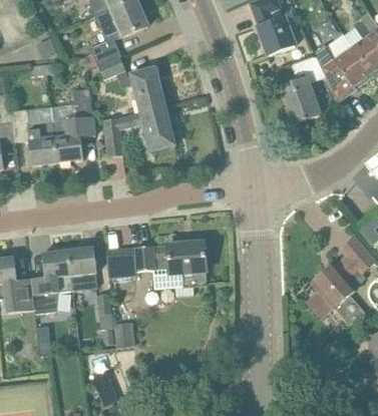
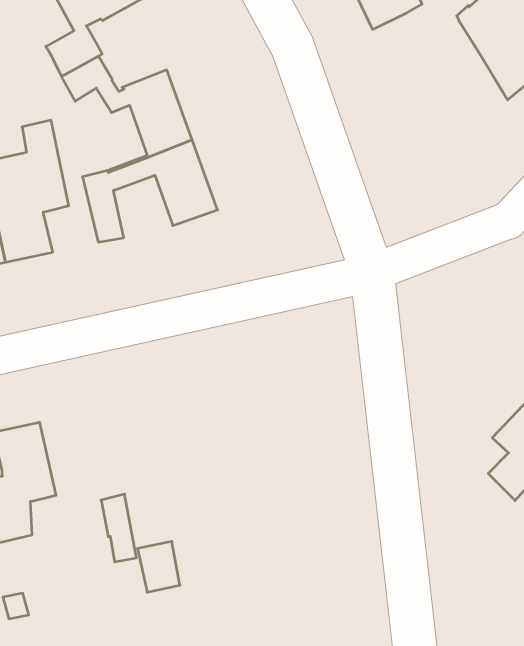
building: [281,56,325,124] -> none
building: [105,243,206,289] -> none
building: [67,248,97,291] -> none

